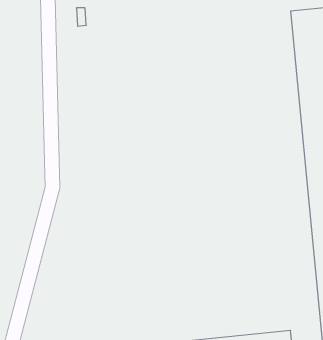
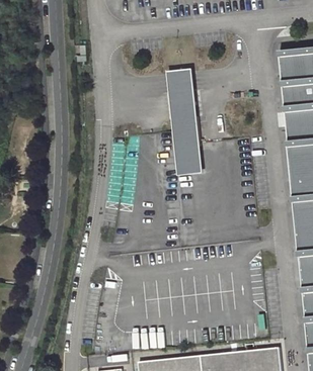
building: none -> [163,70,200,177]

